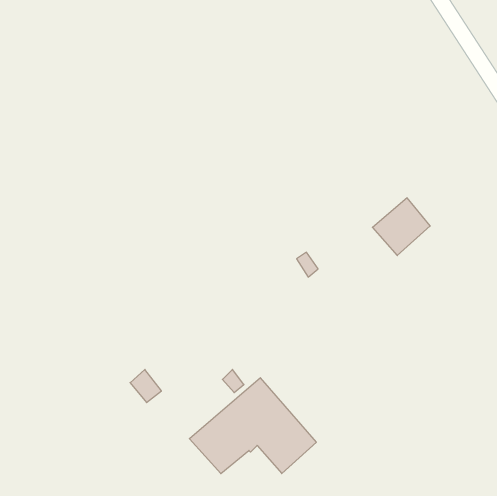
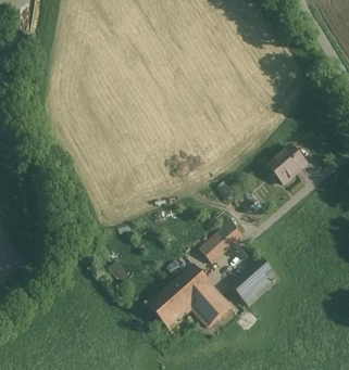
building: none -> [198,220,241,261]
building: none -> [229,256,278,304]

